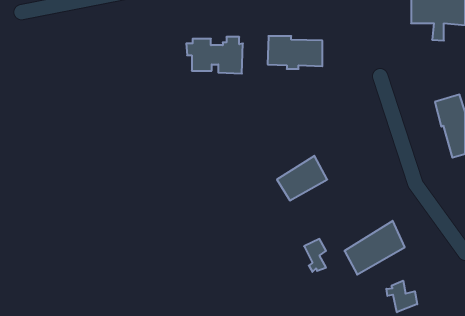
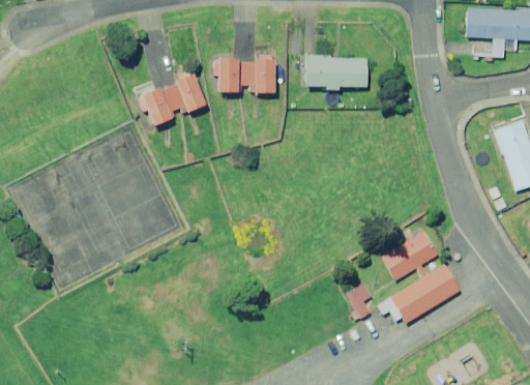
building: none -> [137,69,207,125]
building: [277,156,327,200] -> [380,228,437,278]
building: [386,281,417,312] -> none

